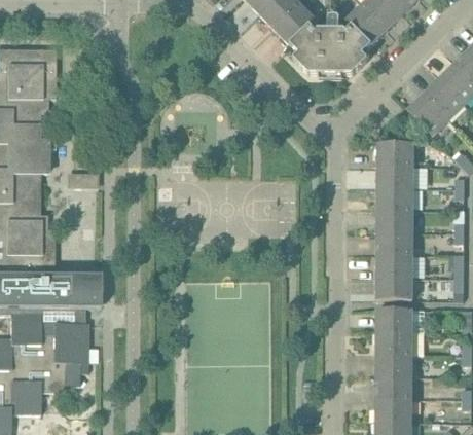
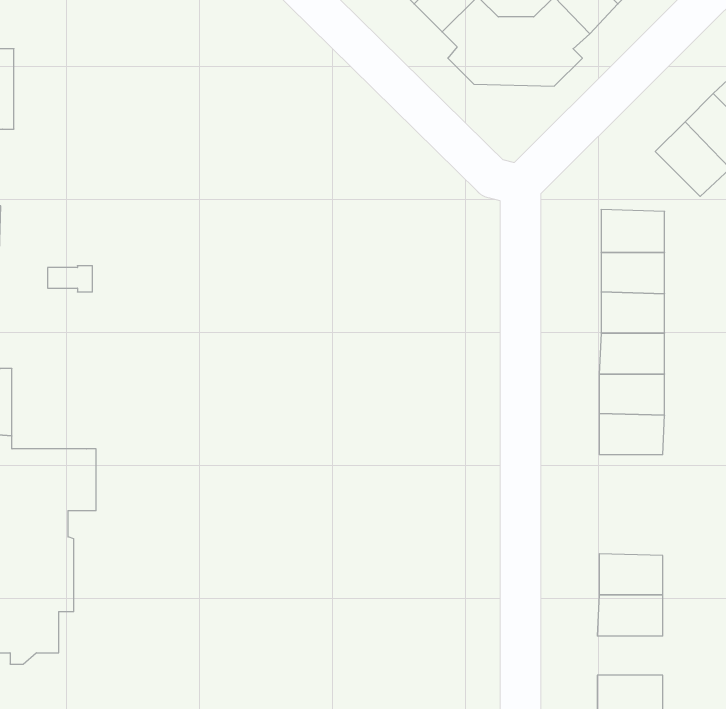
building: [377,276,412,298] -> none
building: [377,307,412,331] -> none
building: [376,375,412,397] -> none

